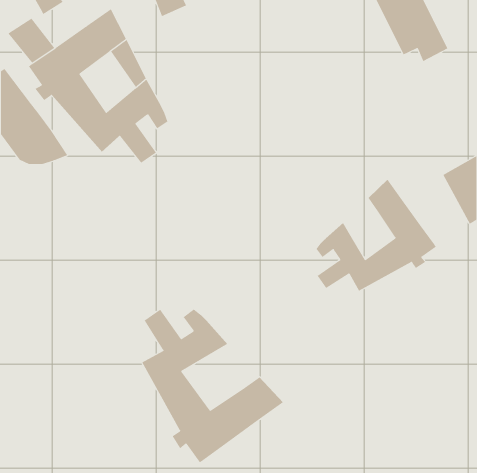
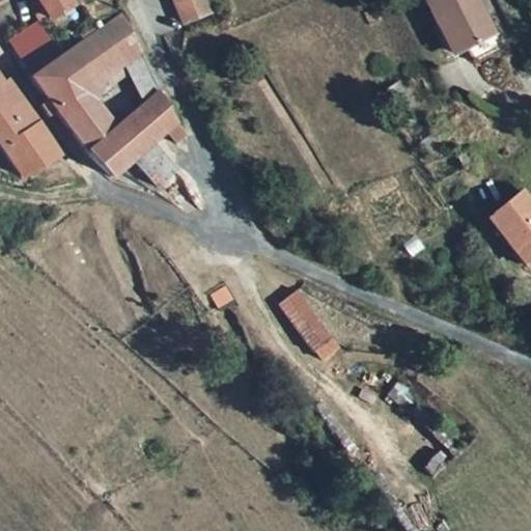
building: [316,179,437,291] -> none
building: none -> [279,294,338,365]
building: [142,309,284,463] -> none

